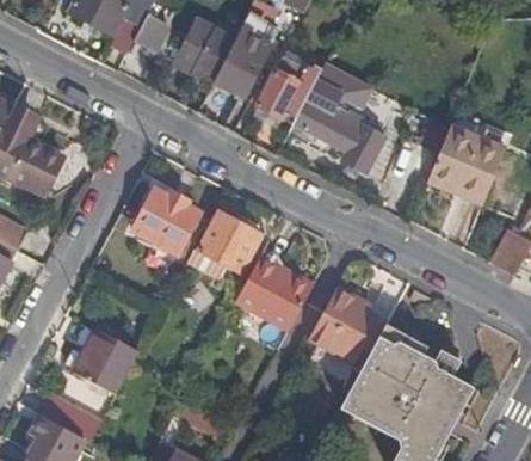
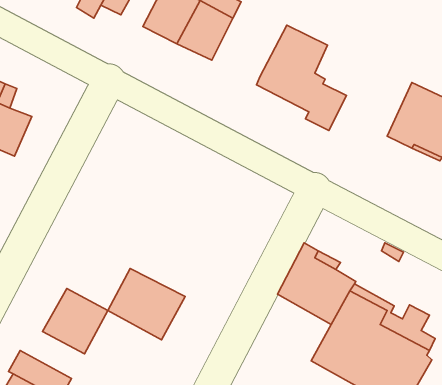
building: [254,47,309,118] -> none
building: [134,188,203,254] -> none
building: [191,210,263,275] -> none
building: [237,254,316,327] -> [108,268,185,340]

